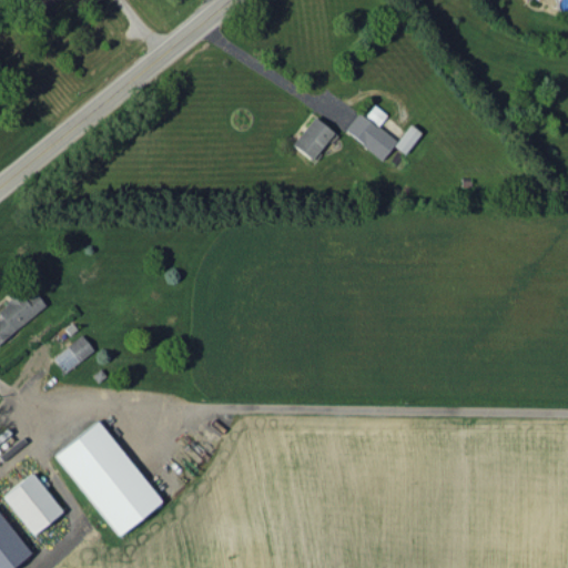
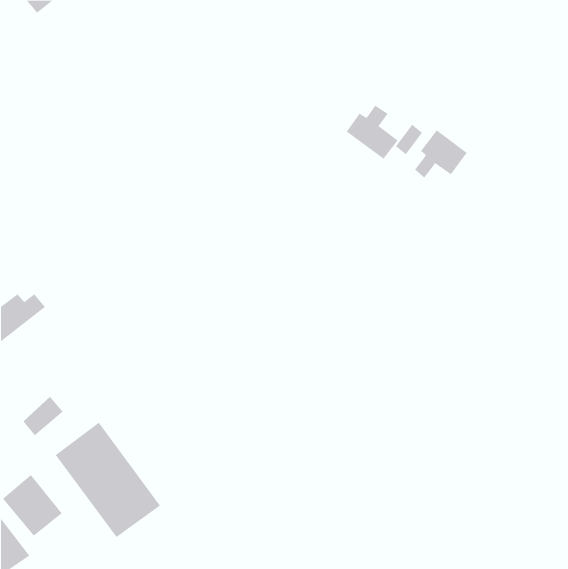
building: [293,116,335,161] -> none
building: none -> [414,129,468,178]
building: [54,334,95,374] -> [22,396,64,436]

